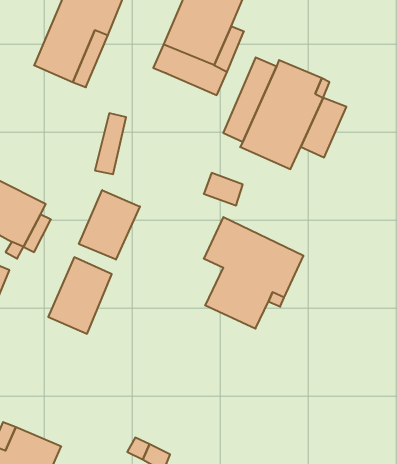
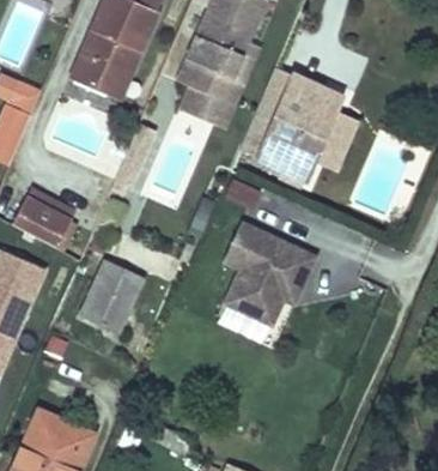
building: none -> [180,89,236,132]
building: [79,190,140,260] -> none

